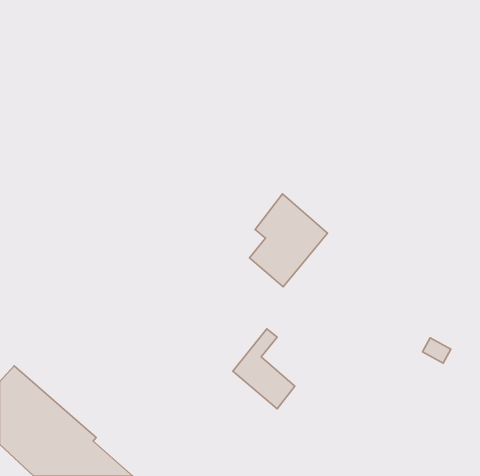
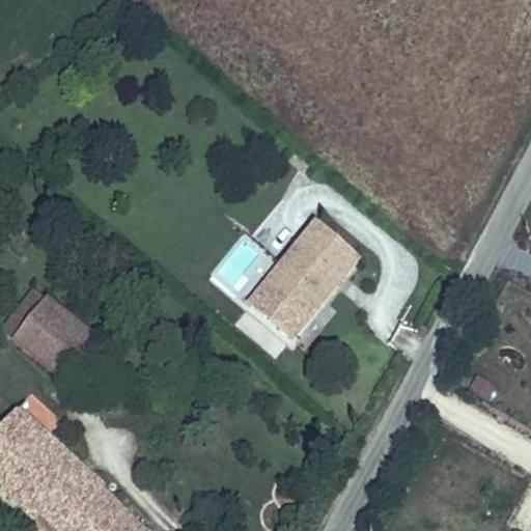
building: none -> [7,292,92,372]
building: [233,329,295,409] -> [244,253,312,341]

